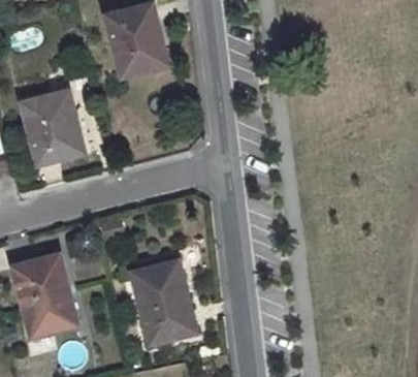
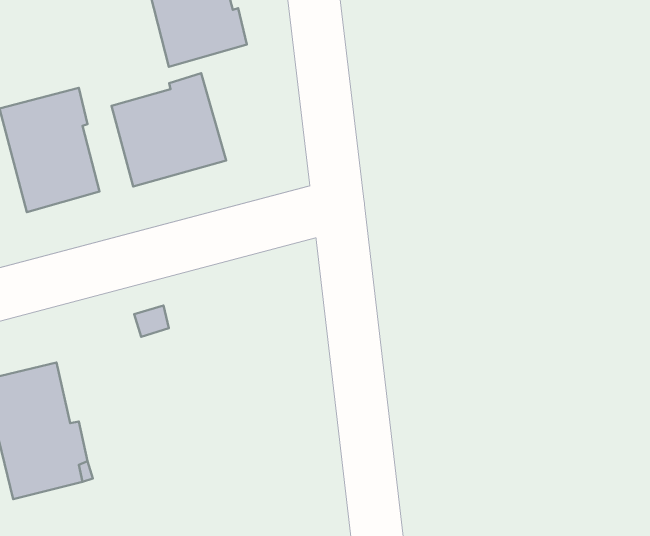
building: none -> [112,73,226,186]
building: [133,262,194,344] -> none

